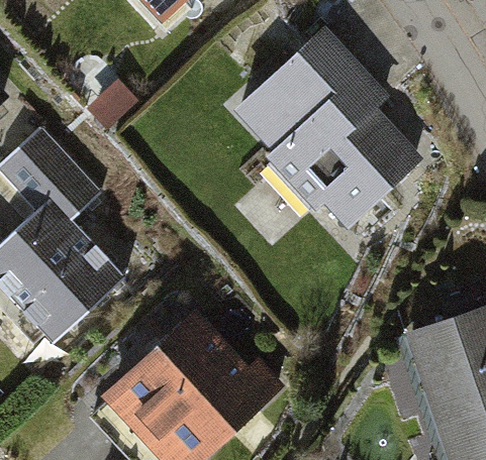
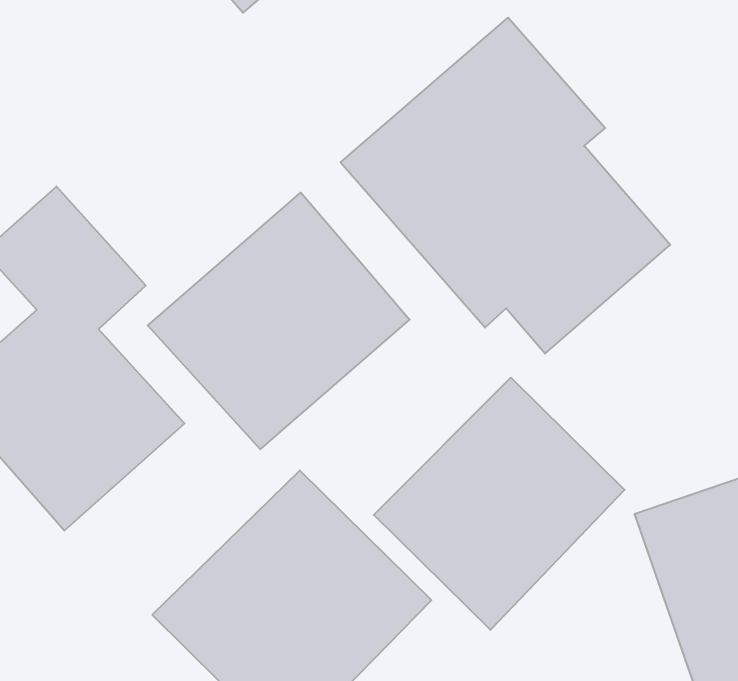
building: none -> [148,193,410,449]
building: none -> [374,378,625,630]

